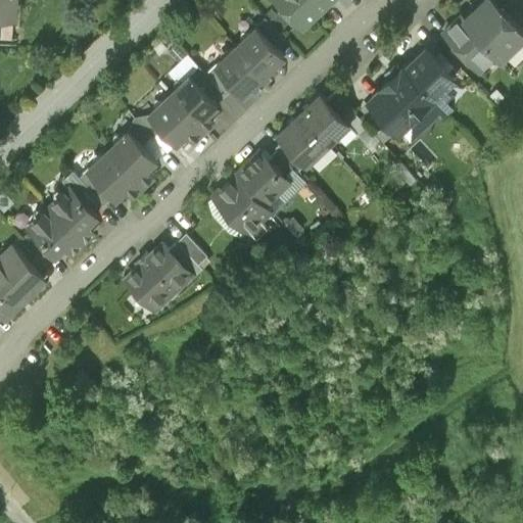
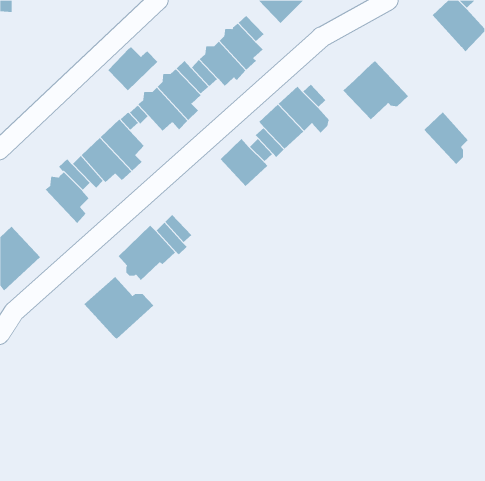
building: [443,19,495,74] -> none
building: [403,52,453,109] -> [423,111,469,165]
building: none -> [107,46,158,91]
building: [212,177,270,241] -> none
building: [28,209,83,258] -> none
building: none -> [83,276,154,340]

